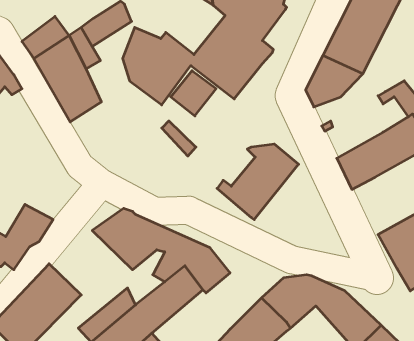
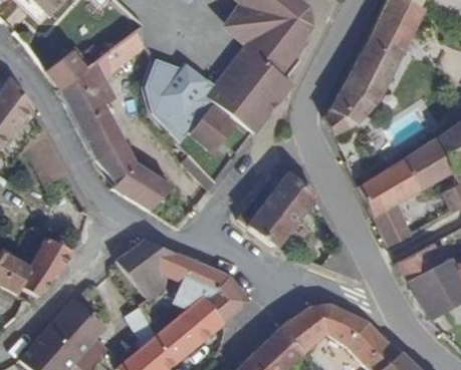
building: none -> [91,131,168,213]
building: none -> [373,207,412,247]

